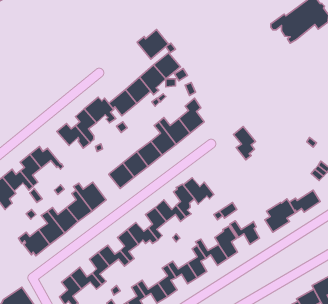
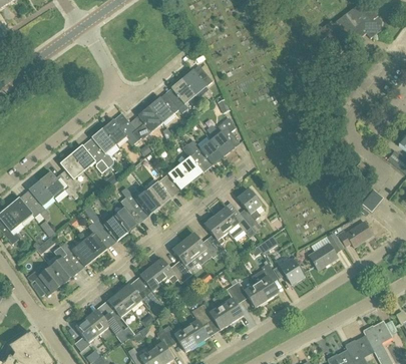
building: [137,29,169,59] -> none
building: [234,127,255,160] -> [237,188,262,226]
building: none -> [60,153,85,191]
building: none -> [114,196,143,232]

